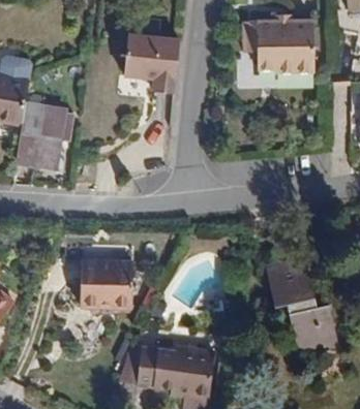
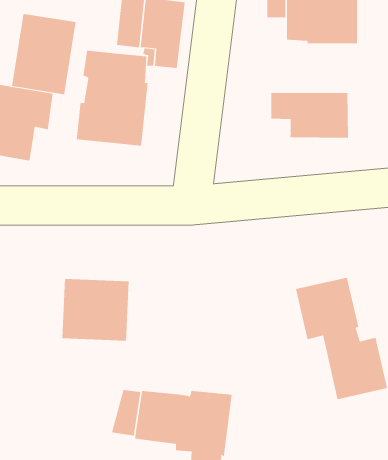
building: none -> [11,13,76,95]
building: none -> [76,50,148,146]
building: none -> [271,92,348,139]

